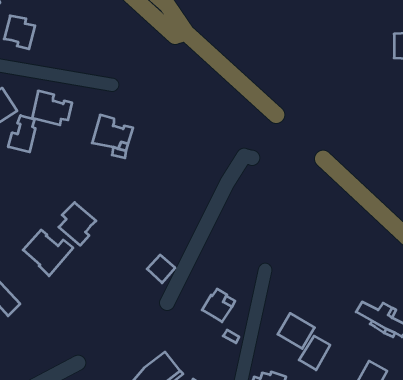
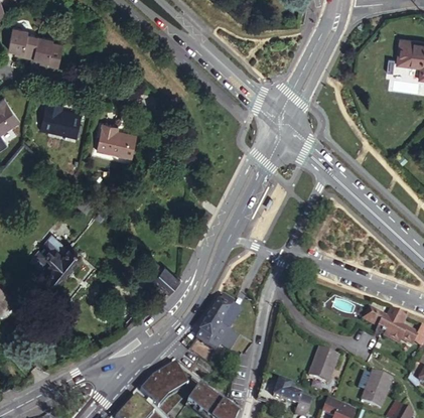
building: none -> [34,33,66,67]
building: [8,115,35,152] -> none
building: [59,202,96,245] -> none
building: none -> [196,319,229,355]
building: [278,313,315,349] -> none

